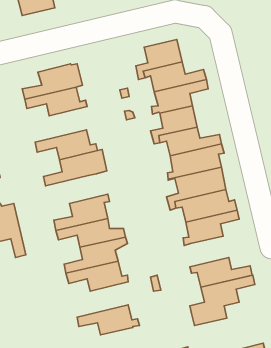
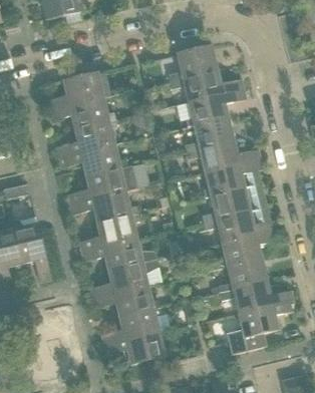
building: none -> [56,118,117,156]
building: none -> [70,190,137,223]
building: none -> [218,258,268,300]
building: none -> [101,307,162,345]

